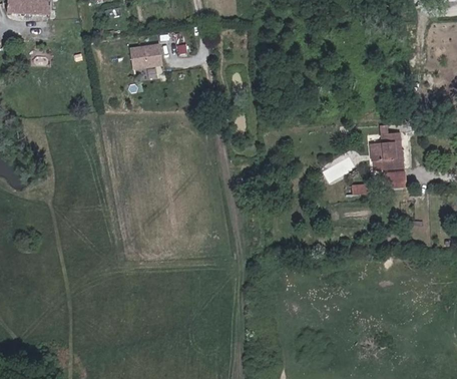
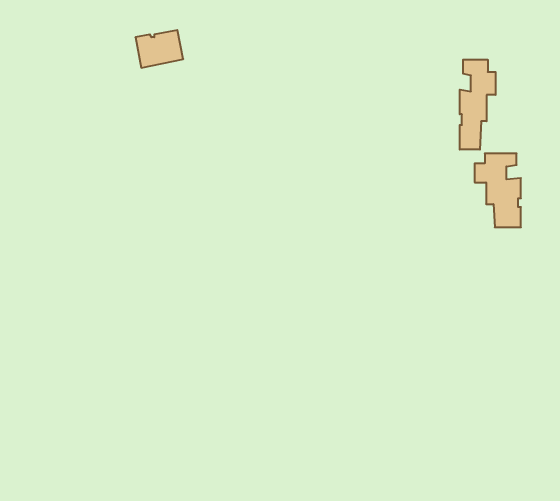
building: none -> [460,60,496,150]

